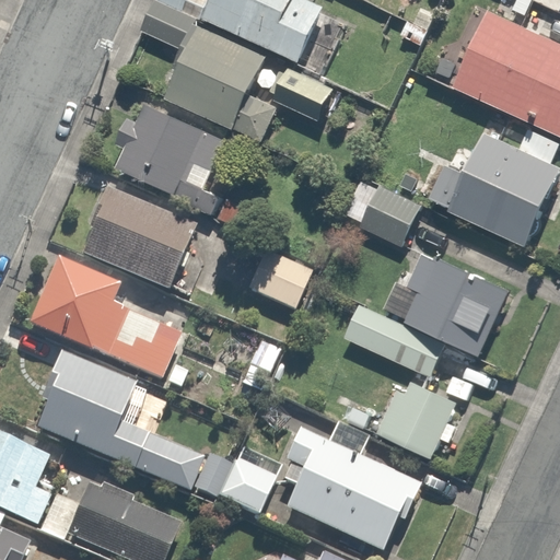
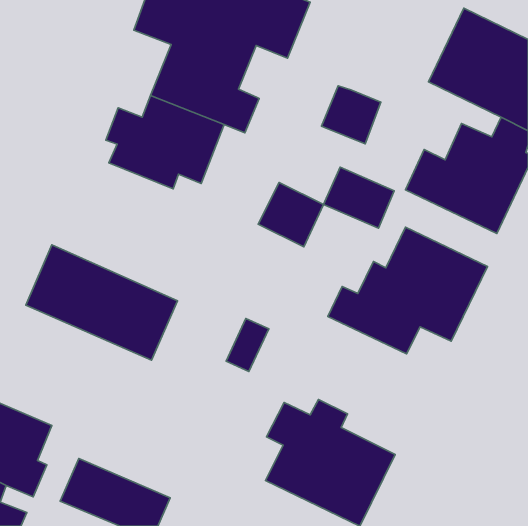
building: [271,60,334,121] -> [322,86,381,144]
building: [81,188,199,292] -> none
building: [243,245,312,313] -> [258,183,324,247]
building: [33,351,207,494] -> none
building: [376,376,464,464] -> none
building: [218,454,277,514] -> none

